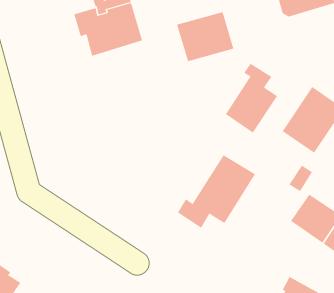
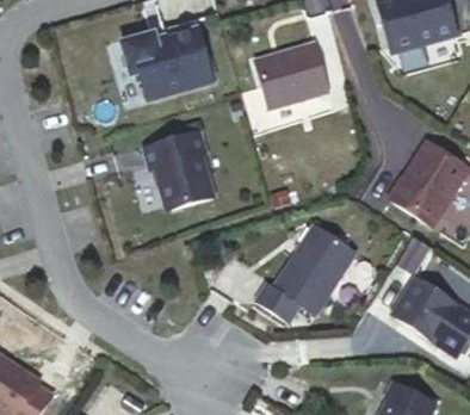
building: [225,63,278,134] -> none
building: none -> [142,135,211,211]

